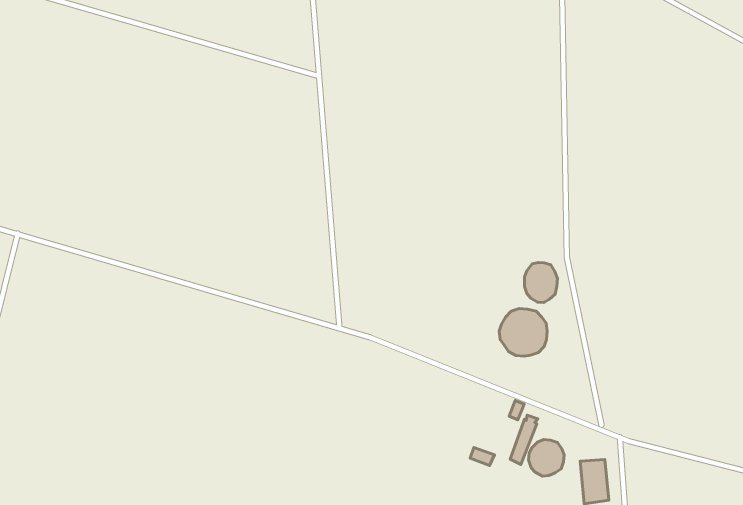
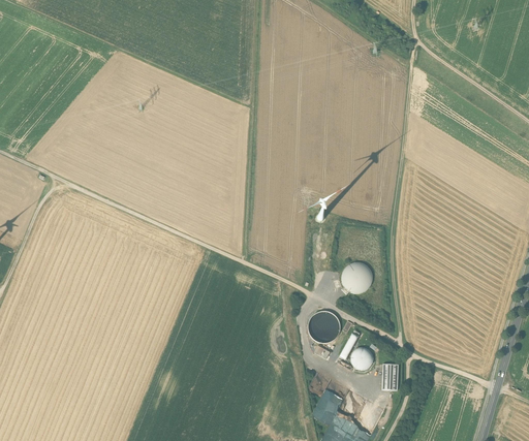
building: [524,262,557,303] -> none
building: none -> [308,310,340,342]

